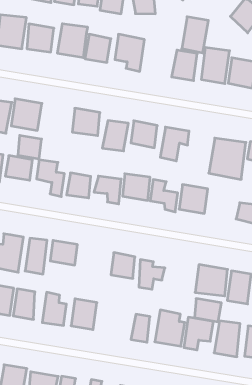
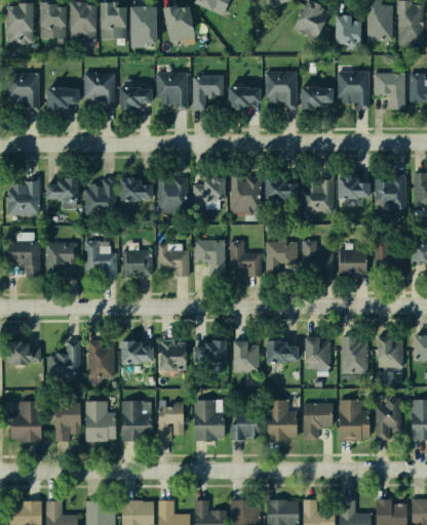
building: [182,17,208,53] -> [197,74,224,115]
building: none -> [267,176,290,209]
building: [18,135,42,159] -> [84,184,113,208]
building: none -> [302,241,336,278]
building: none -> [160,339,189,371]
building: [195,299,221,322] -> [265,338,297,362]
building: none -> [195,401,232,438]

